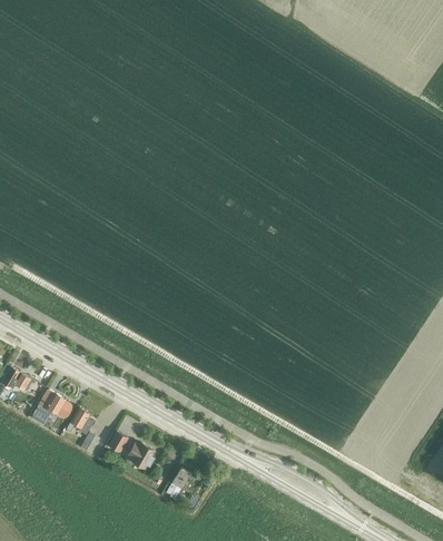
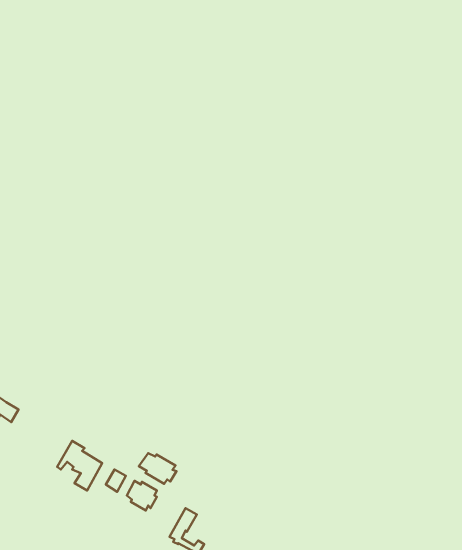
building: [31,390,75,425] -> none
building: none -> [139,453,177,484]

